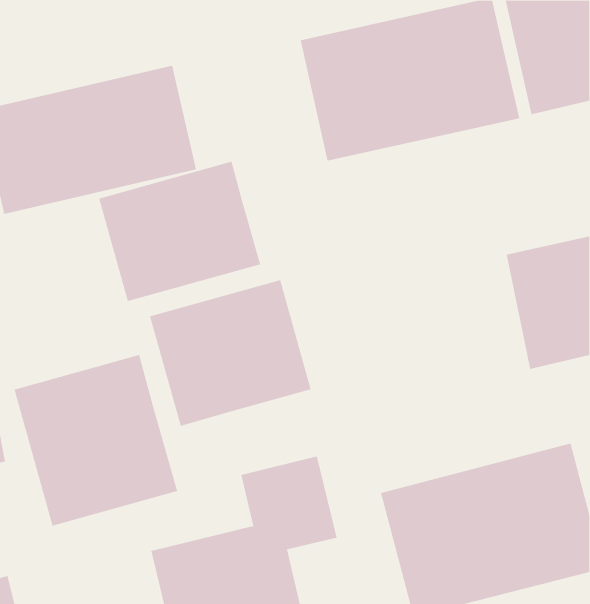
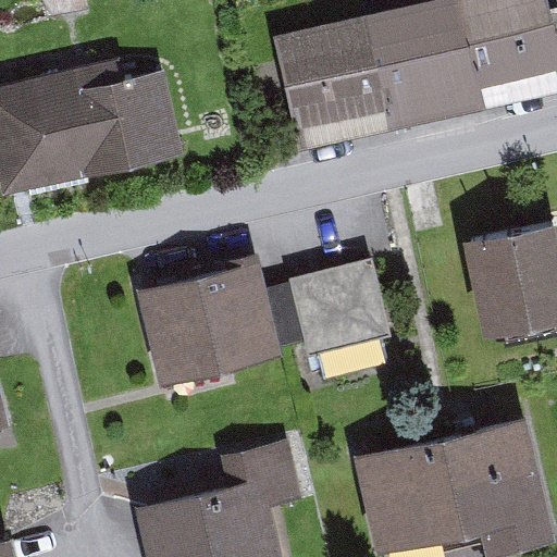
building: [98,161,261,302] -> none
building: none -> [284,258,400,377]
building: [14,354,178,526] -> none

